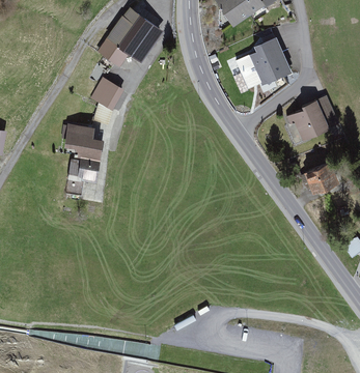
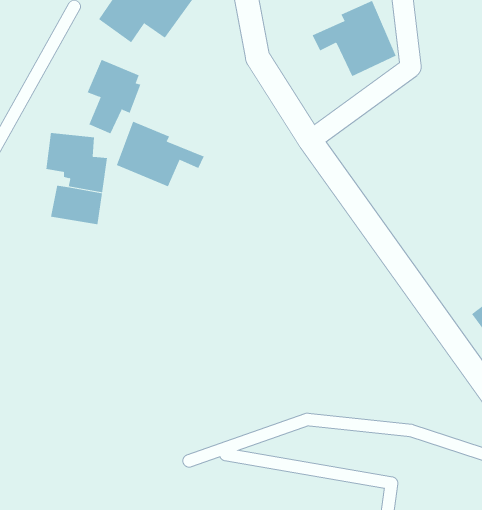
building: [285,95,337,142] -> none
building: none -> [116,121,204,187]
building: [305,164,339,198] -> none

